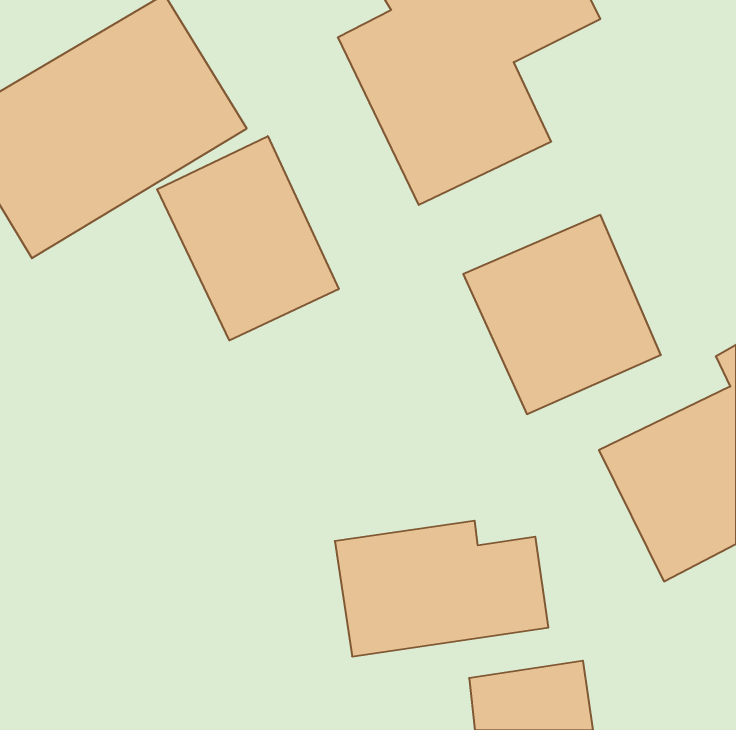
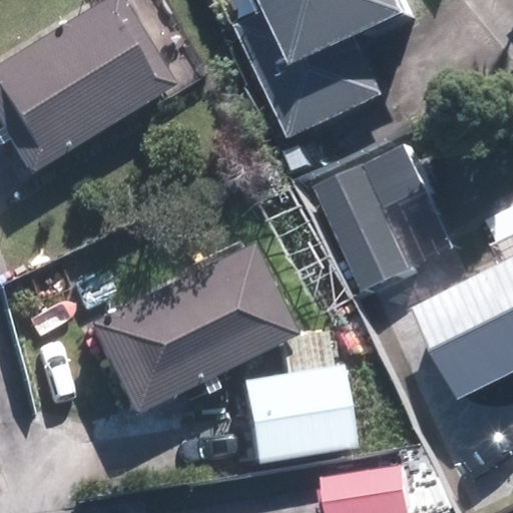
building: [157,136,339,340] -> none
building: none -> [81,245,288,414]

